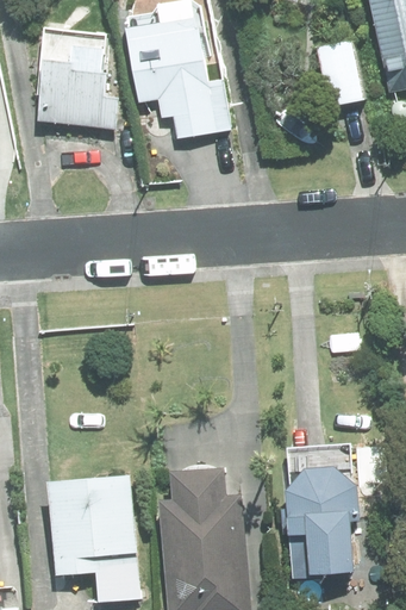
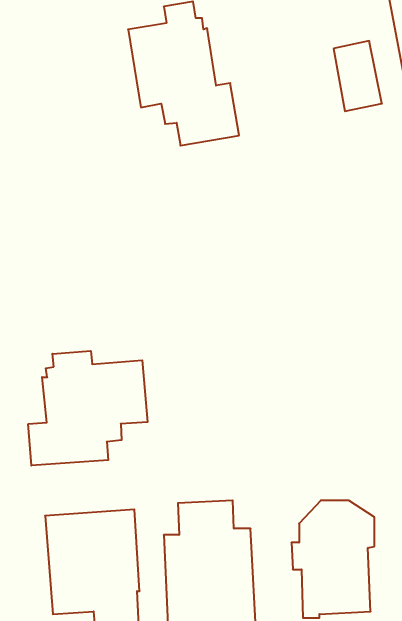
building: [37,45,118,129] -> none
building: none -> [28,351,148,466]

